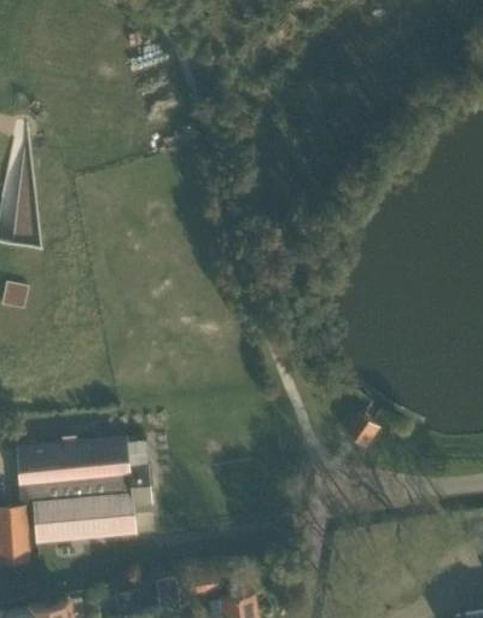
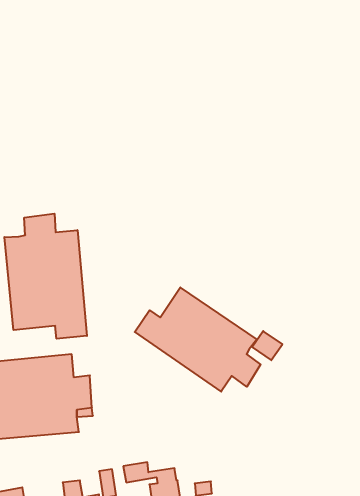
building: none -> [4,214,87,339]
building: none -> [135,287,261,392]

